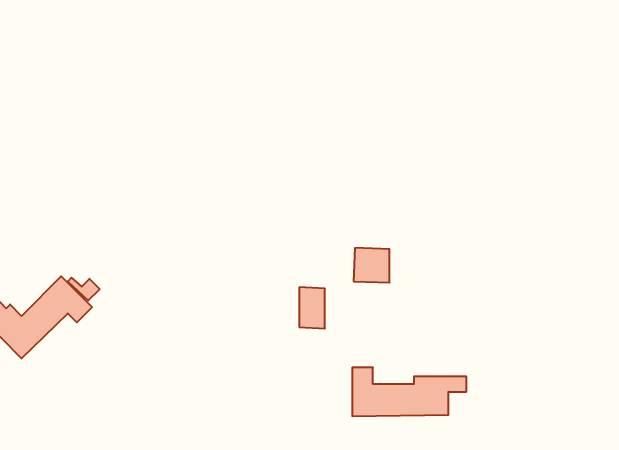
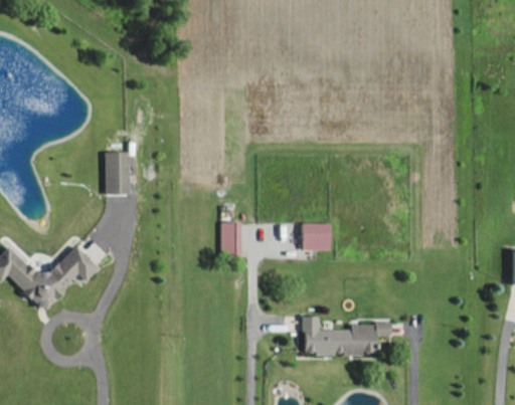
building: none -> [105,152,132,195]
building: [299,287,325,328] -> [221,222,241,254]

